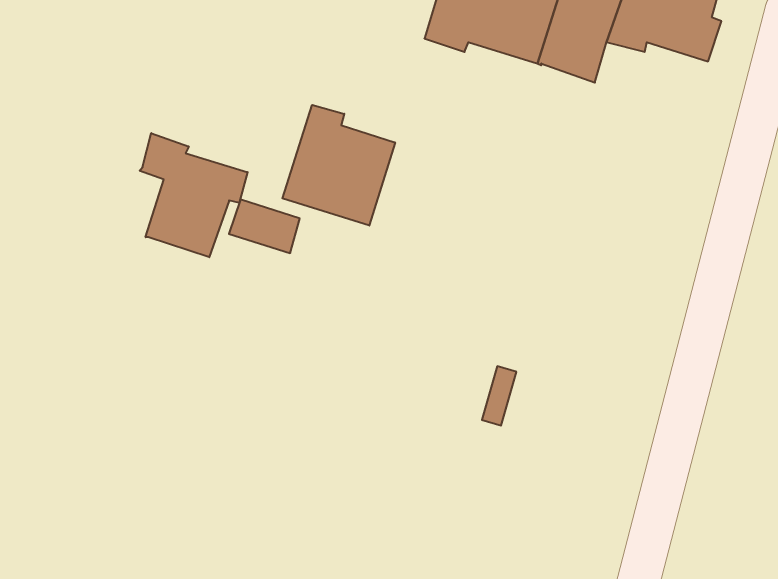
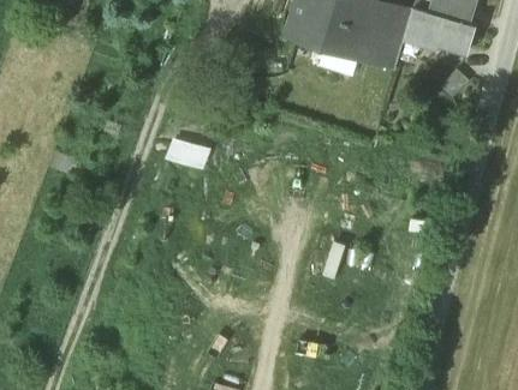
building: [282,105,395,226] -> none
building: [140,133,248,257] -> none

